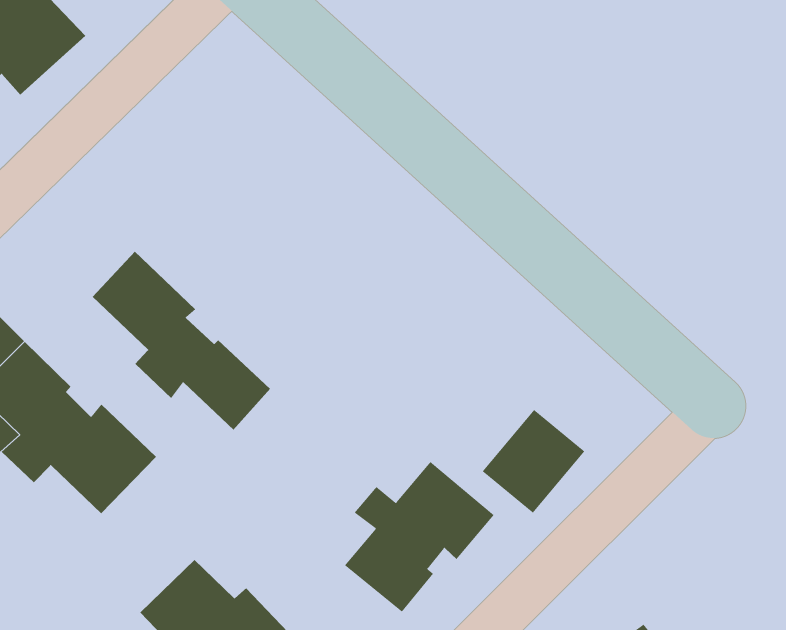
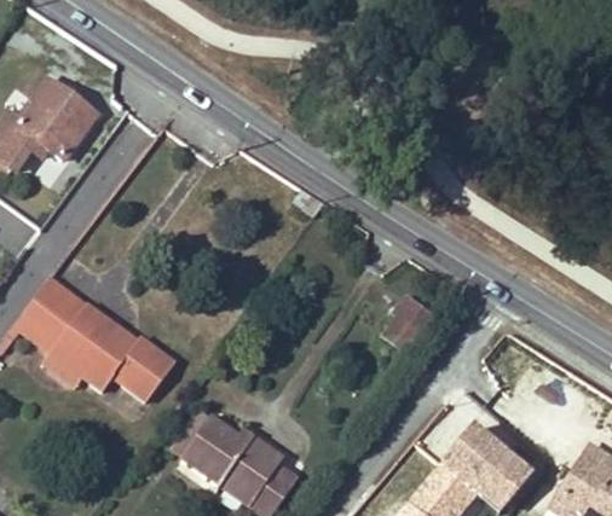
building: [92,251,271,431] -> none
building: [344,461,495,612] -> none

